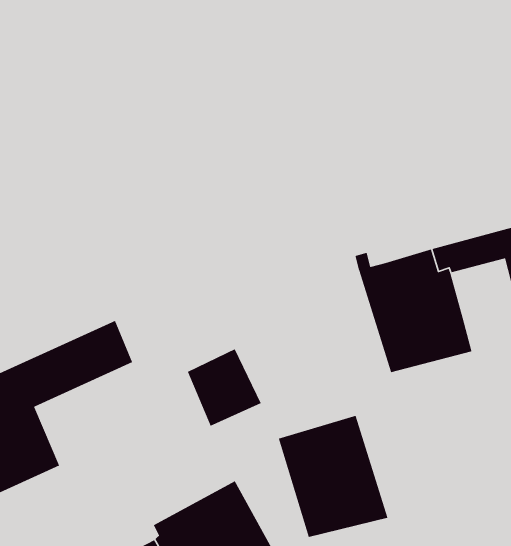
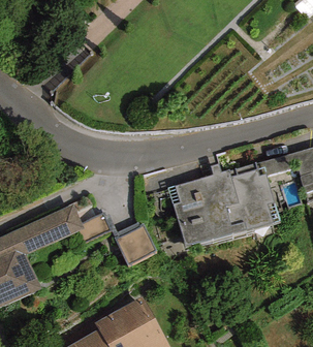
building: [278,415,388,538] -> [167,175,231,246]

